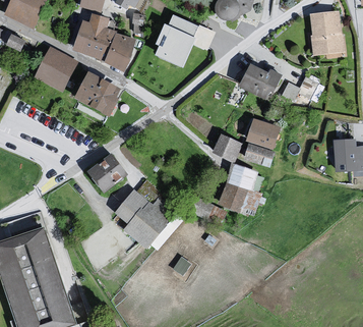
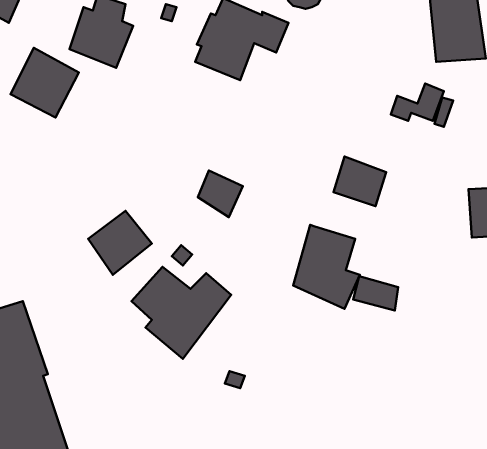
building: [103,33,135,71] -> none
building: [236,63,282,101] -> none
building: [72,71,119,115] -> none
building: [213,133,242,164] -> [198,171,243,217]
building: [243,144,273,166] -> [353,276,398,311]

